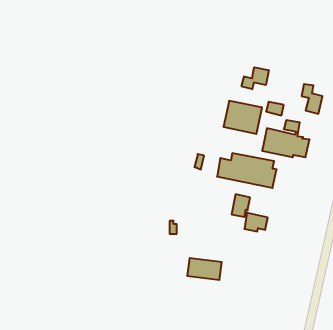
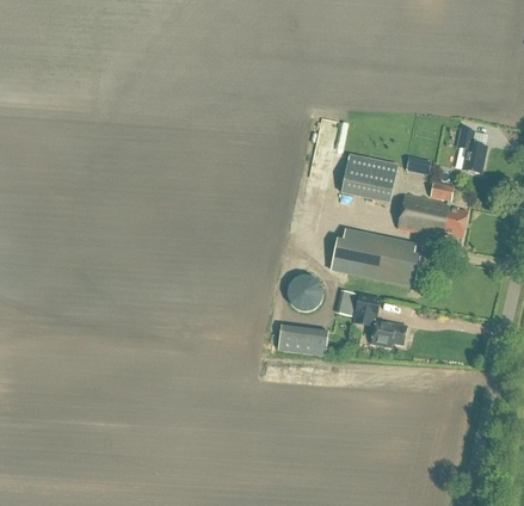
building: [242,67,269,89] -> none
building: none -> [285,276,321,310]
building: [187,258,222,280] -> [277,321,328,353]

